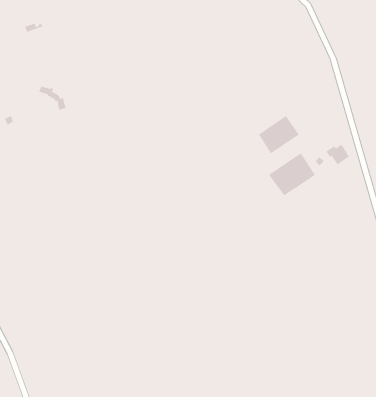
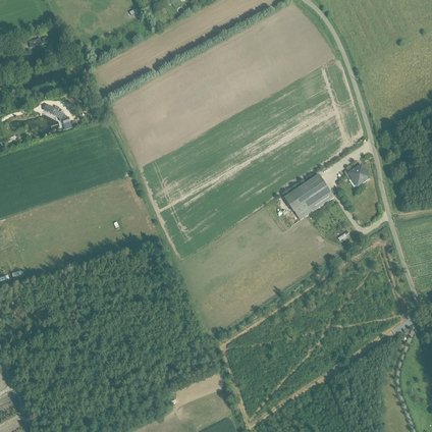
building: [258,115,299,154] -> none

